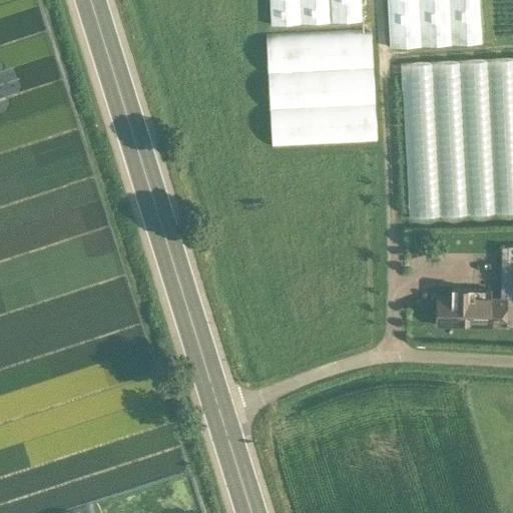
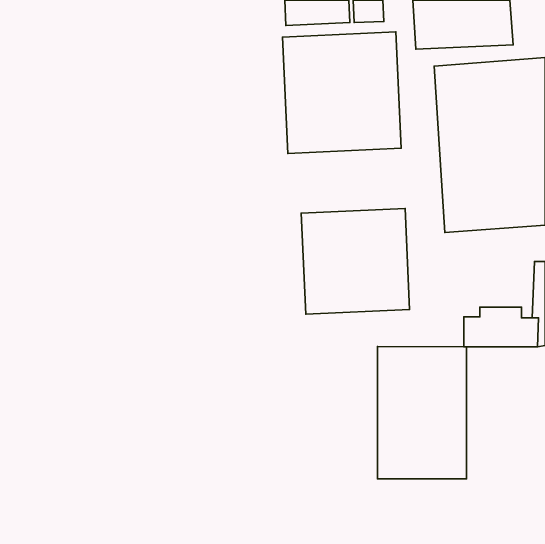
building: none -> [301,208,410,314]
building: none -> [378,347,467,479]

